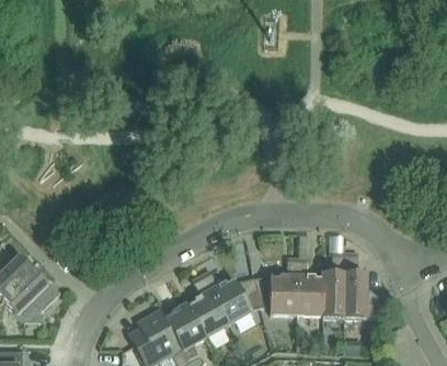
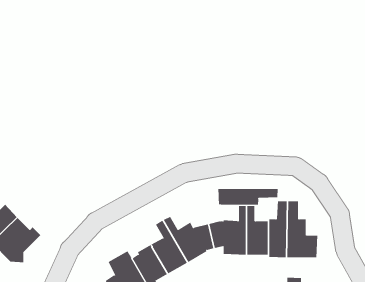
building: none -> [218,188,278,206]

